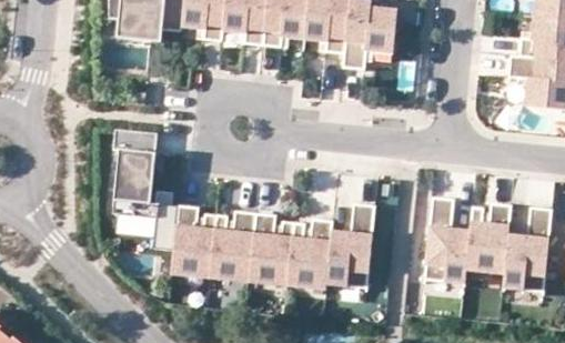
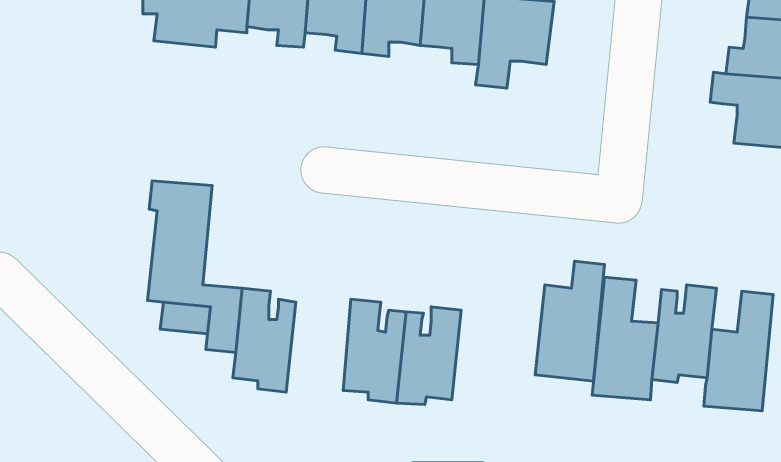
building: [325,205,374,290] -> [535,261,605,381]
building: [209,212,254,282] -> none

